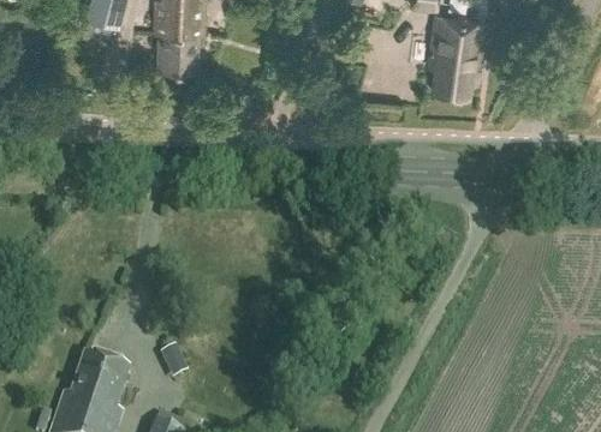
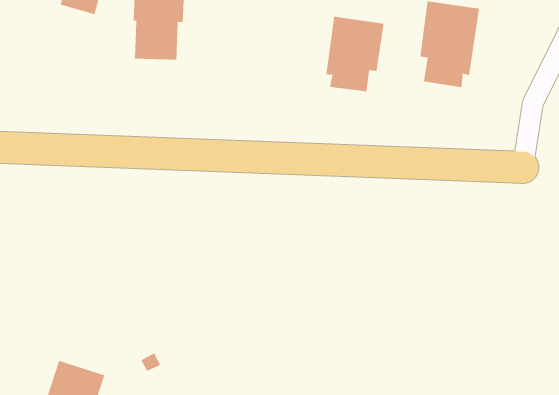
building: none -> [326,16,384,92]

